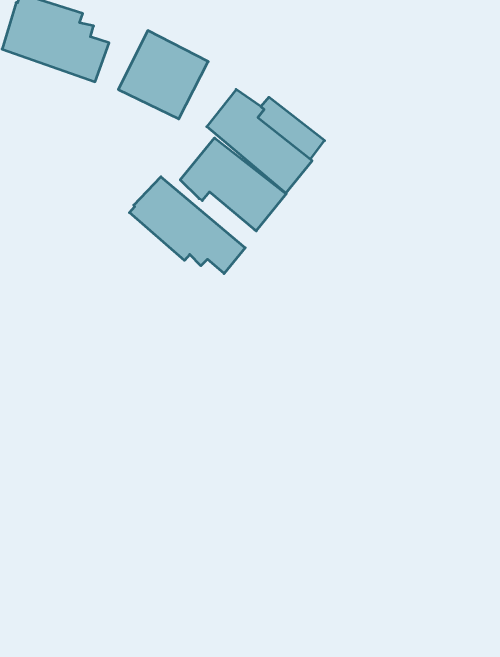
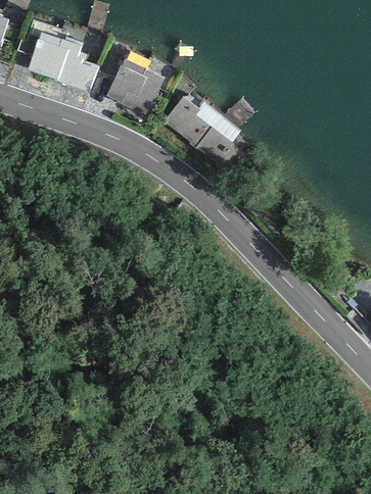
building: [180,138,286,231] -> none
building: [129,177,245,274] -> none

